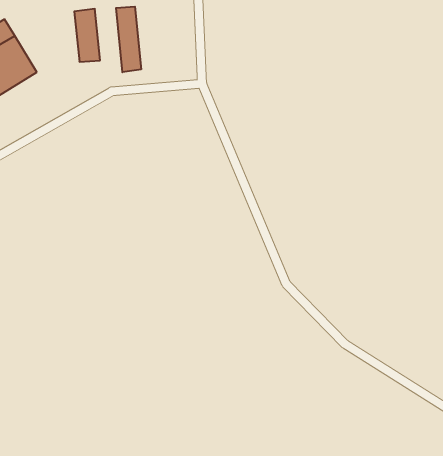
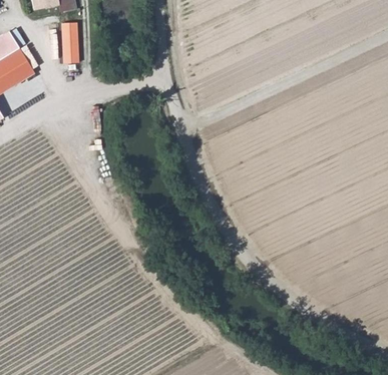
building: [116,7,141,72] -> none

